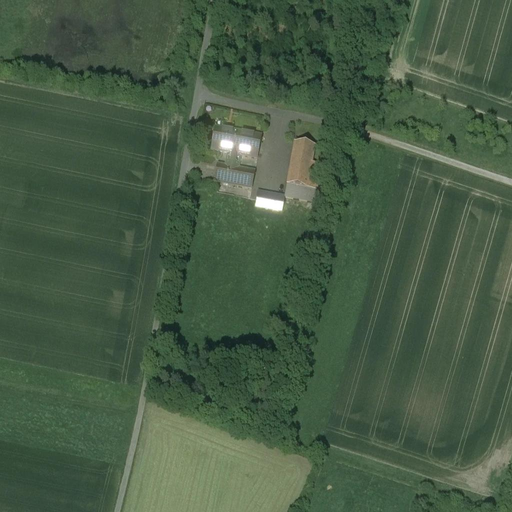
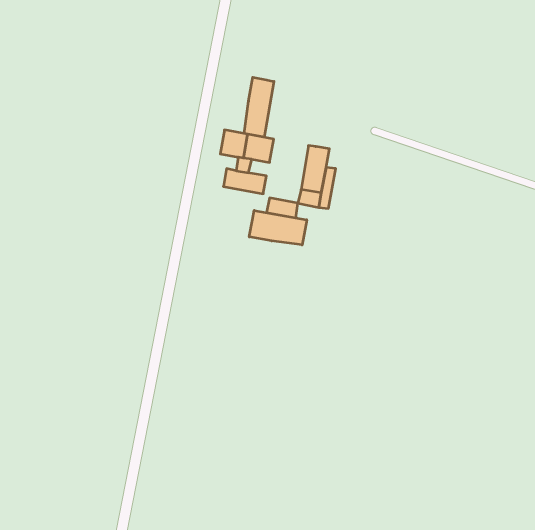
building: none -> [244,77,274,137]
building: none -> [249,210,307,245]

